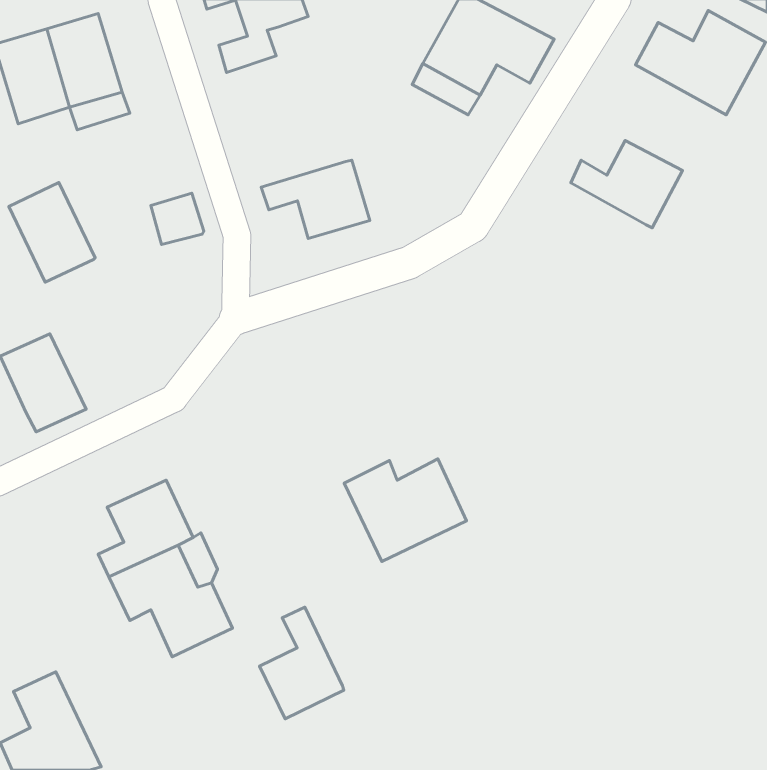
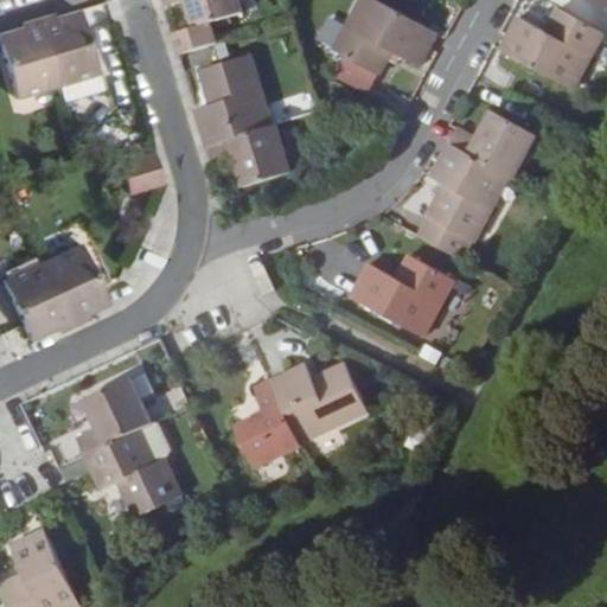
building: none -> [193,55,271,147]
building: [9,182,95,282] -> [39,243,107,321]
building: none -> [418,143,507,260]
building: none -> [351,253,454,336]
building: [259,607,344,719] -> [235,379,301,467]

